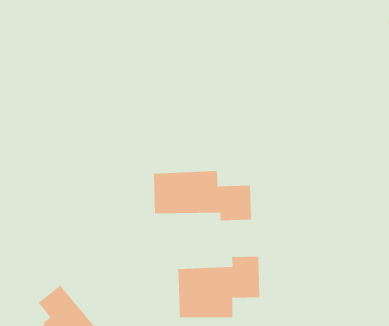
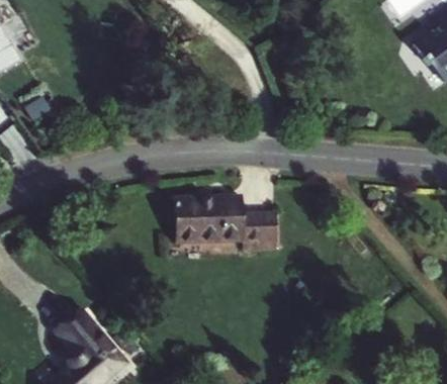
building: [178,256,260,318] -> none

